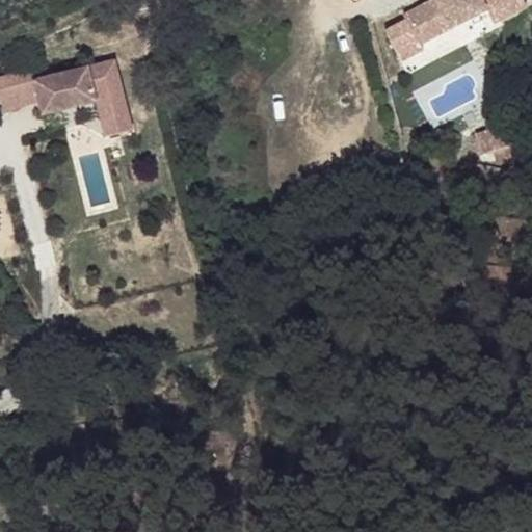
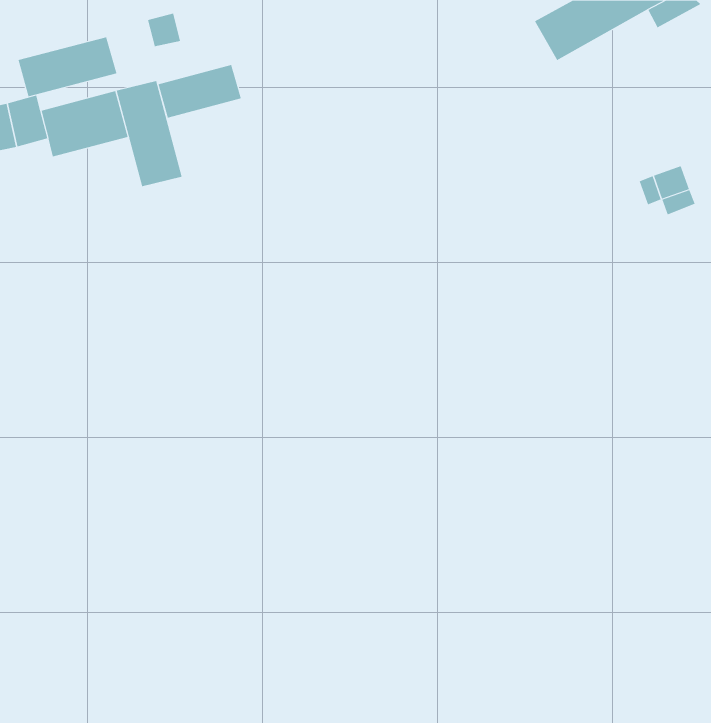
building: none -> [18,37,117,97]
building: none -> [158,64,242,119]

